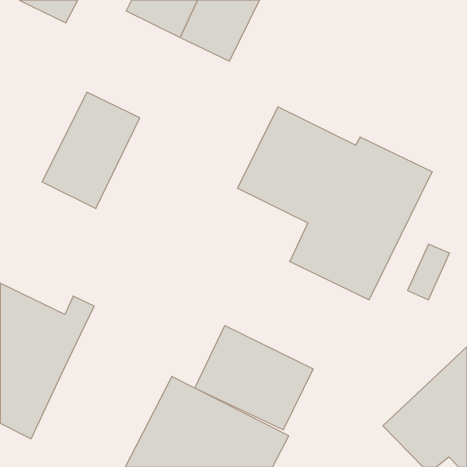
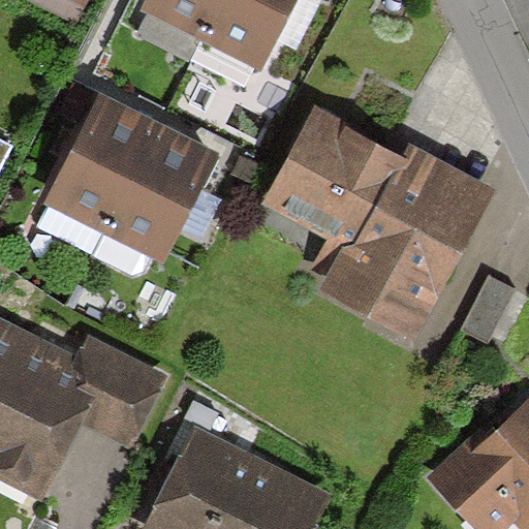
building: none -> [108,133,215,262]
building: none -> [72,346,159,442]
building: [195,326,313,430] -> none

